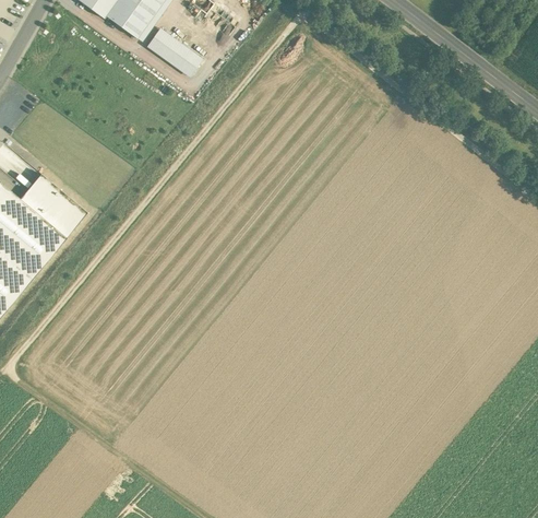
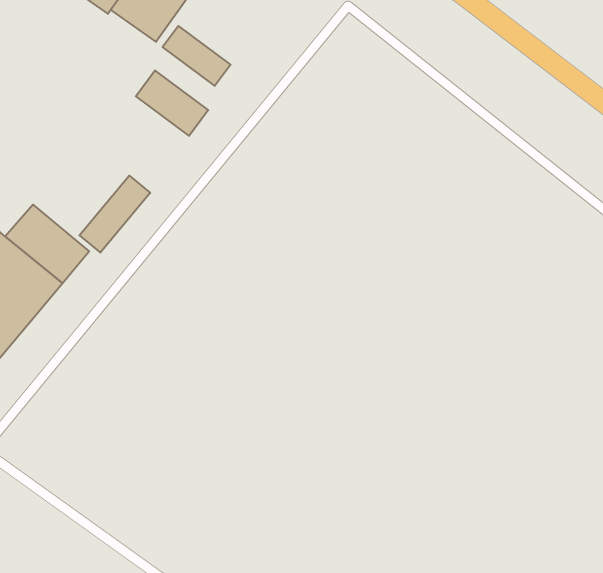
building: none -> [136,70,208,136]
building: none -> [79,176,150,253]

